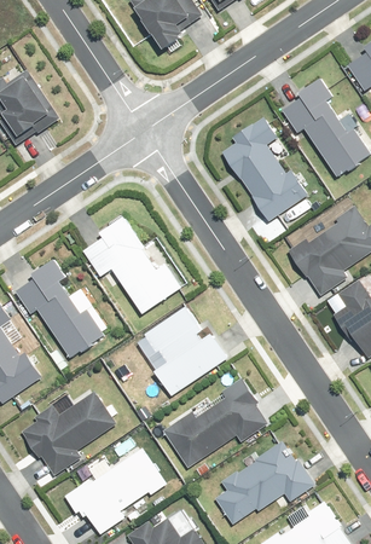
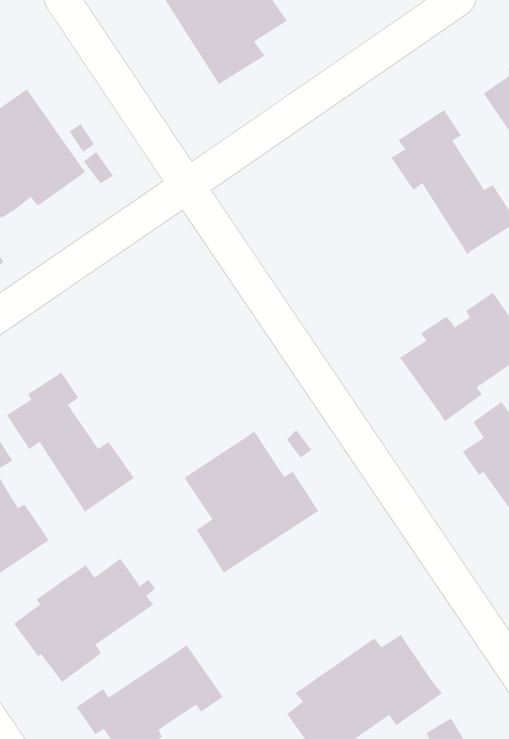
building: [221,118,307,222] -> none
building: [75,210,186,320] -> none
building: [163,380,268,467] -> none

